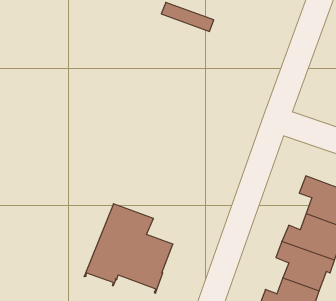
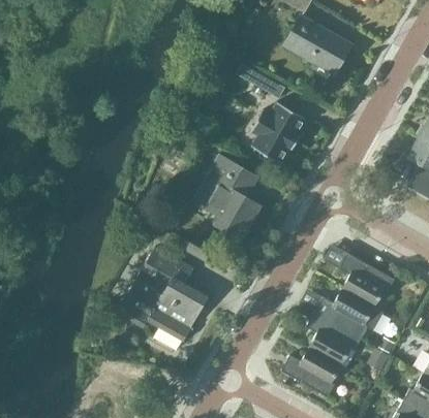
building: none -> [251,102,306,163]
building: none -> [193,157,261,240]

